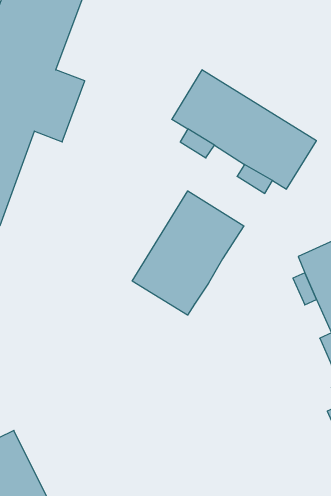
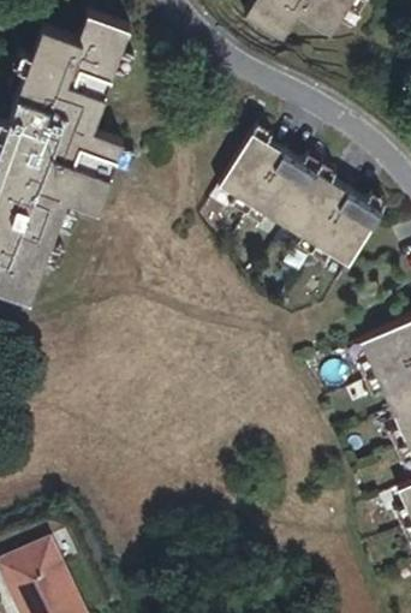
building: [132,191,244,315] -> none

